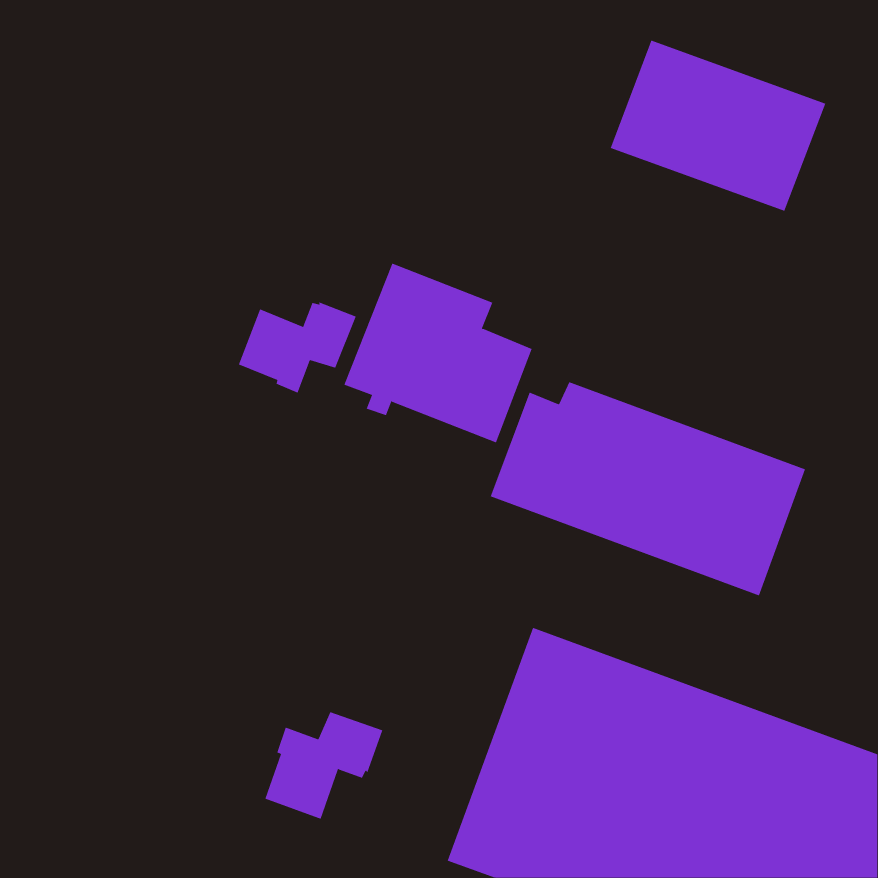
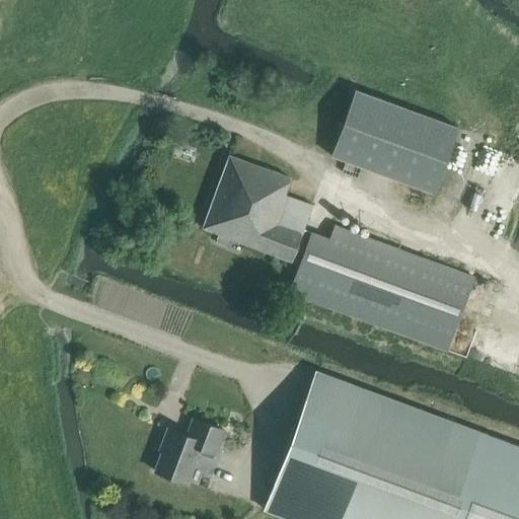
building: [610,40,826,212] -> [331,97,459,199]
building: [238,302,356,393] -> none

